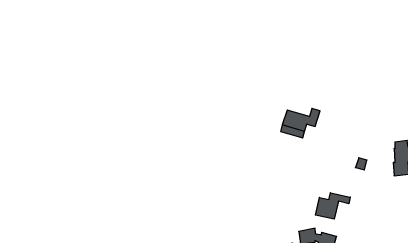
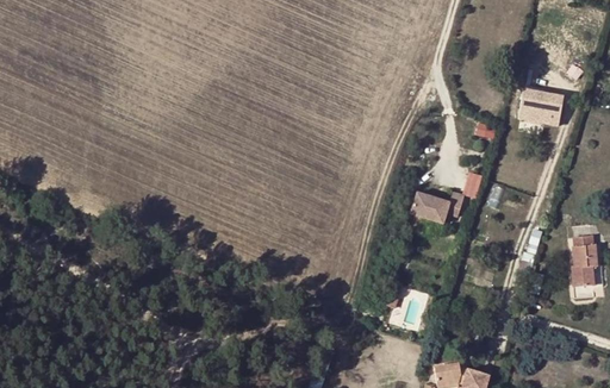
building: none -> [517,90,559,123]
building: [315,193,350,219] -> none

